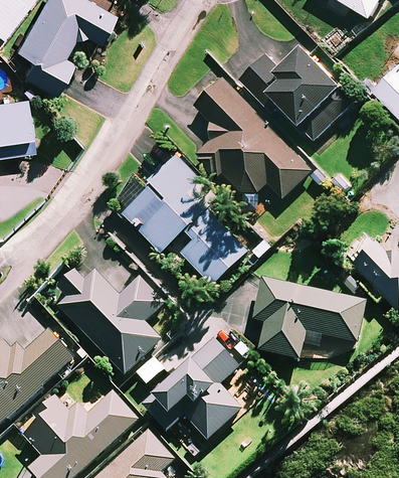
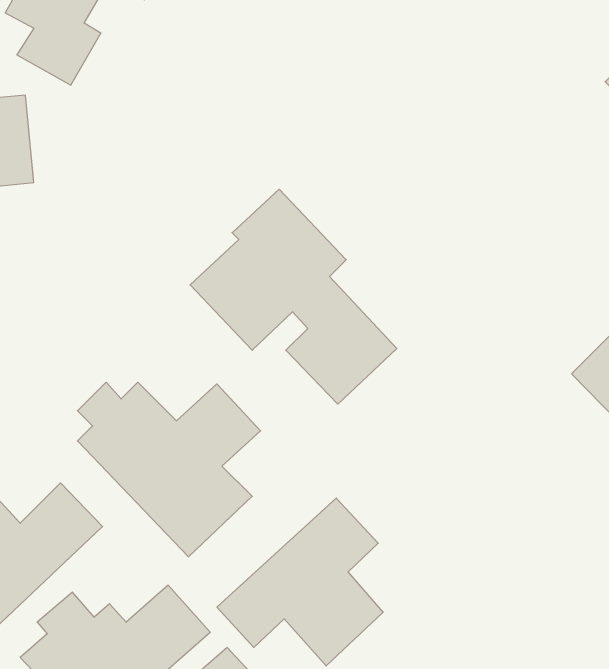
building: [240,49,355,140] -> none
building: [196,77,314,197] -> none
building: [253,279,366,359] -> none

